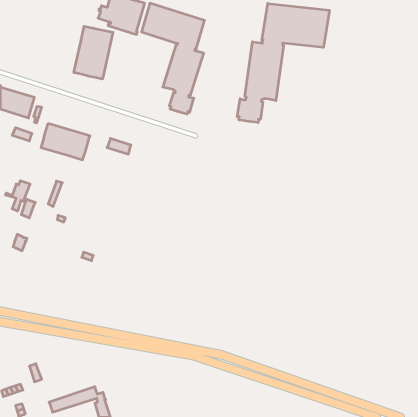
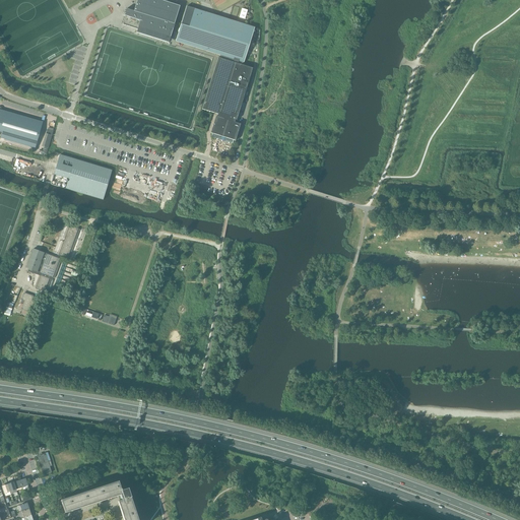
building: [237,3,329,123] -> none
building: [74,26,113,79] -> none
building: [5,181,30,211] -> [28,252,59,289]

